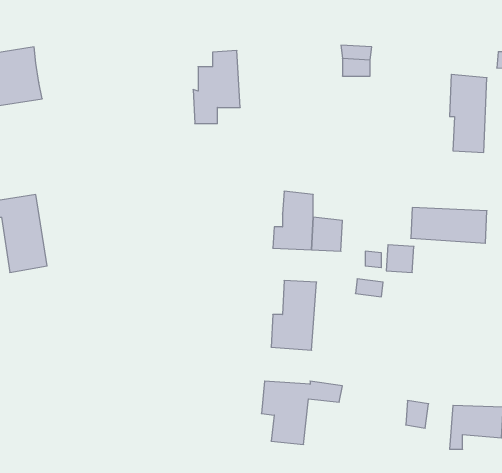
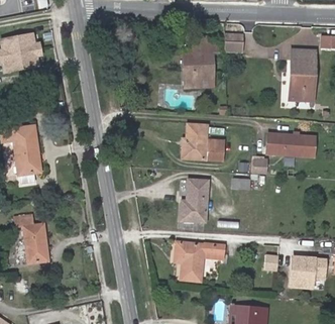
building: [193,51,240,124] -> [185,41,214,87]
building: none -> [16,213,48,262]

